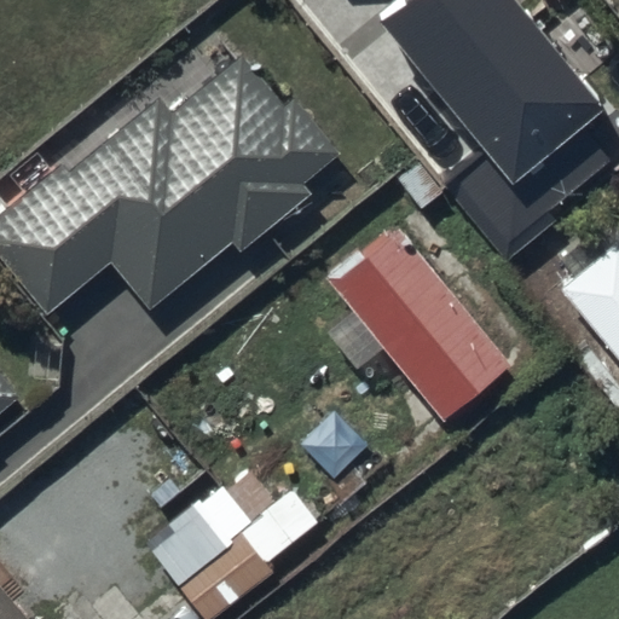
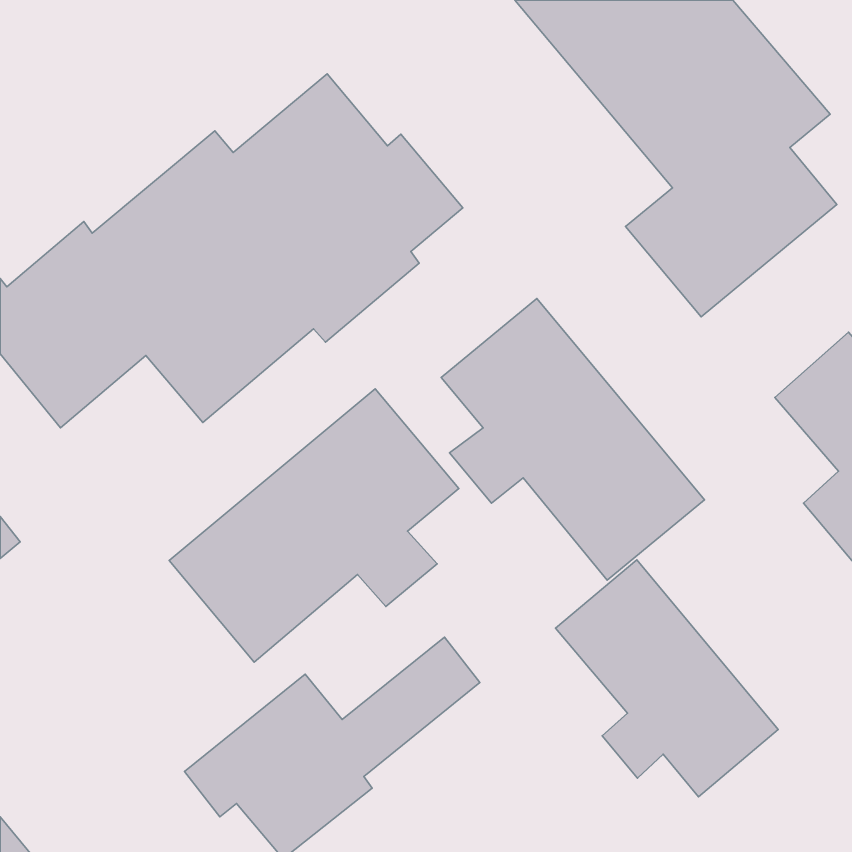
building: none -> [169,389,459,662]
building: none -> [556,560,778,797]

